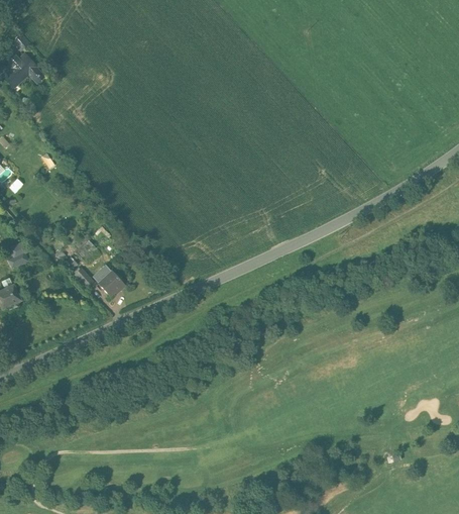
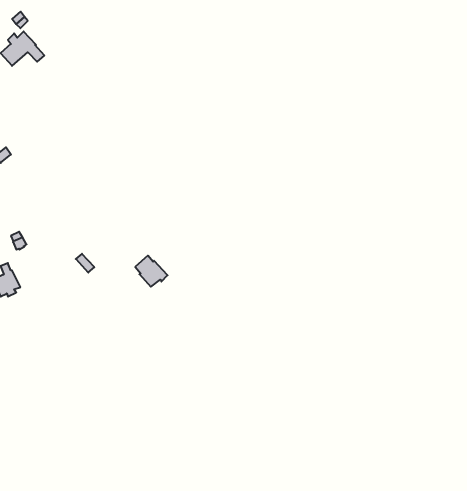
building: [94,265,125,295] -> [135,256,168,287]

